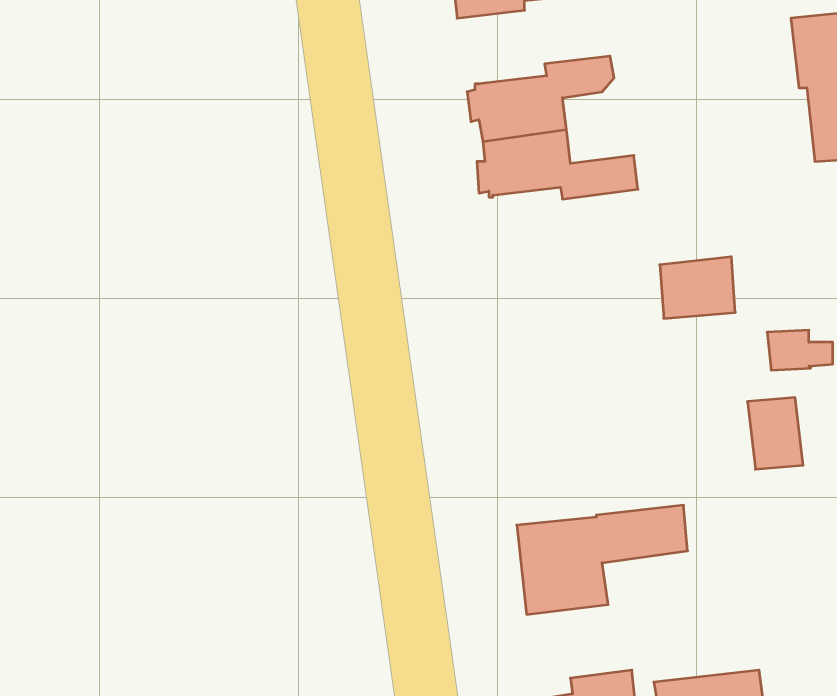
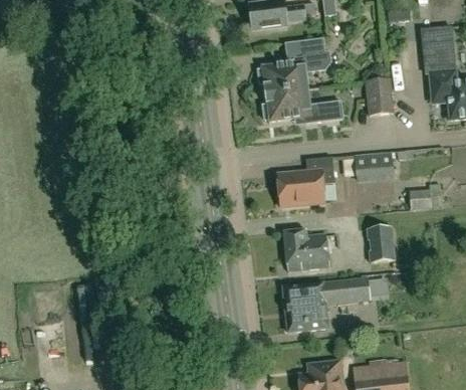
building: none -> [365,76,393,115]
building: none -> [278,160,334,206]
building: [747,398,803,469] -> [366,224,394,260]
building: none -> [283,228,328,270]

